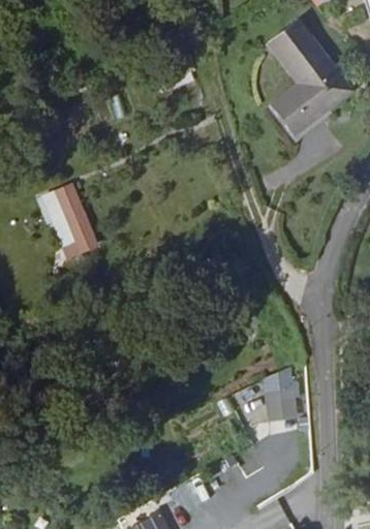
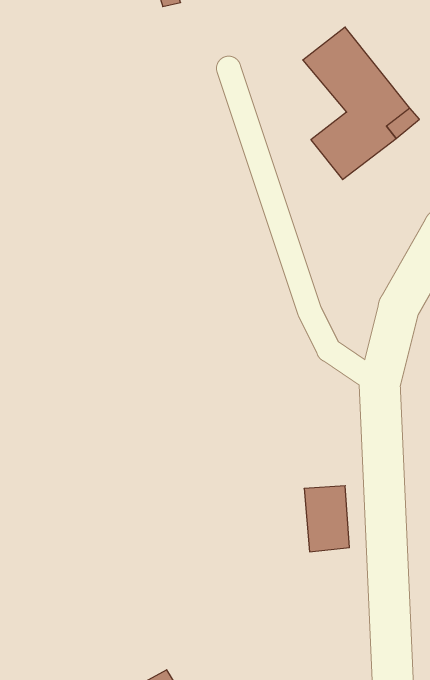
building: [51,193,101,254] -> none

